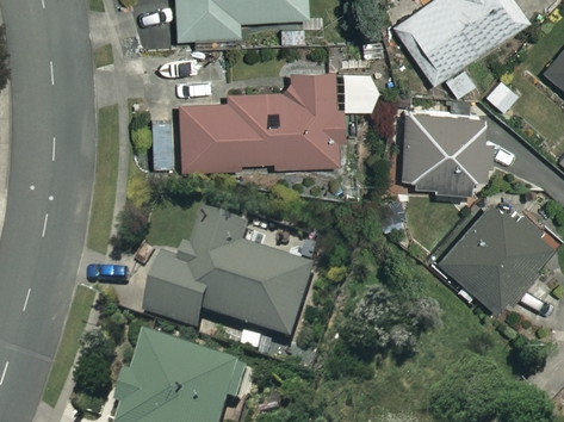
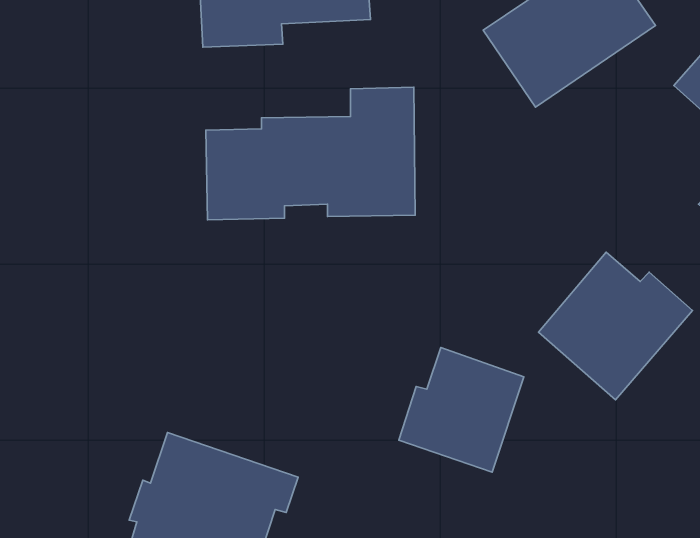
building: [402,110,504,193] -> none
building: [147,212,318,341] -> none
building: none -> [399,348,524,472]

